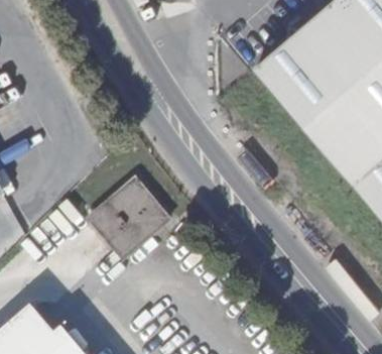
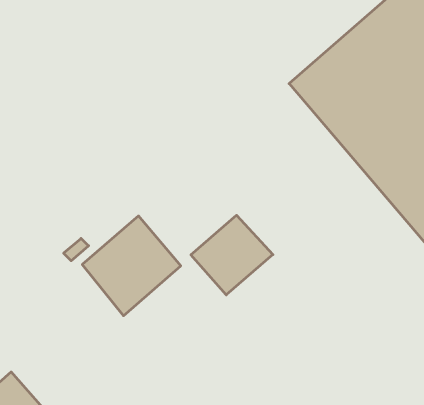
building: none -> [191,215,273,295]

